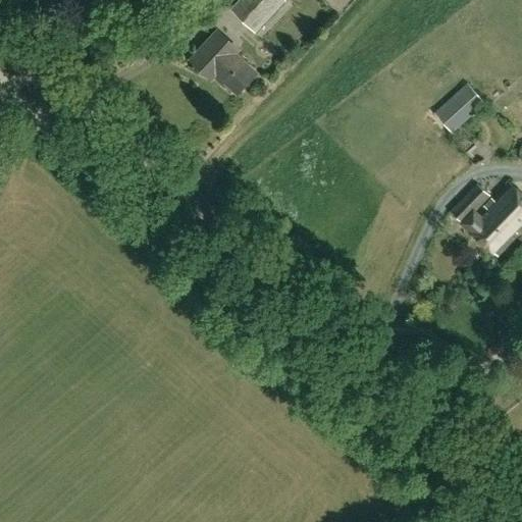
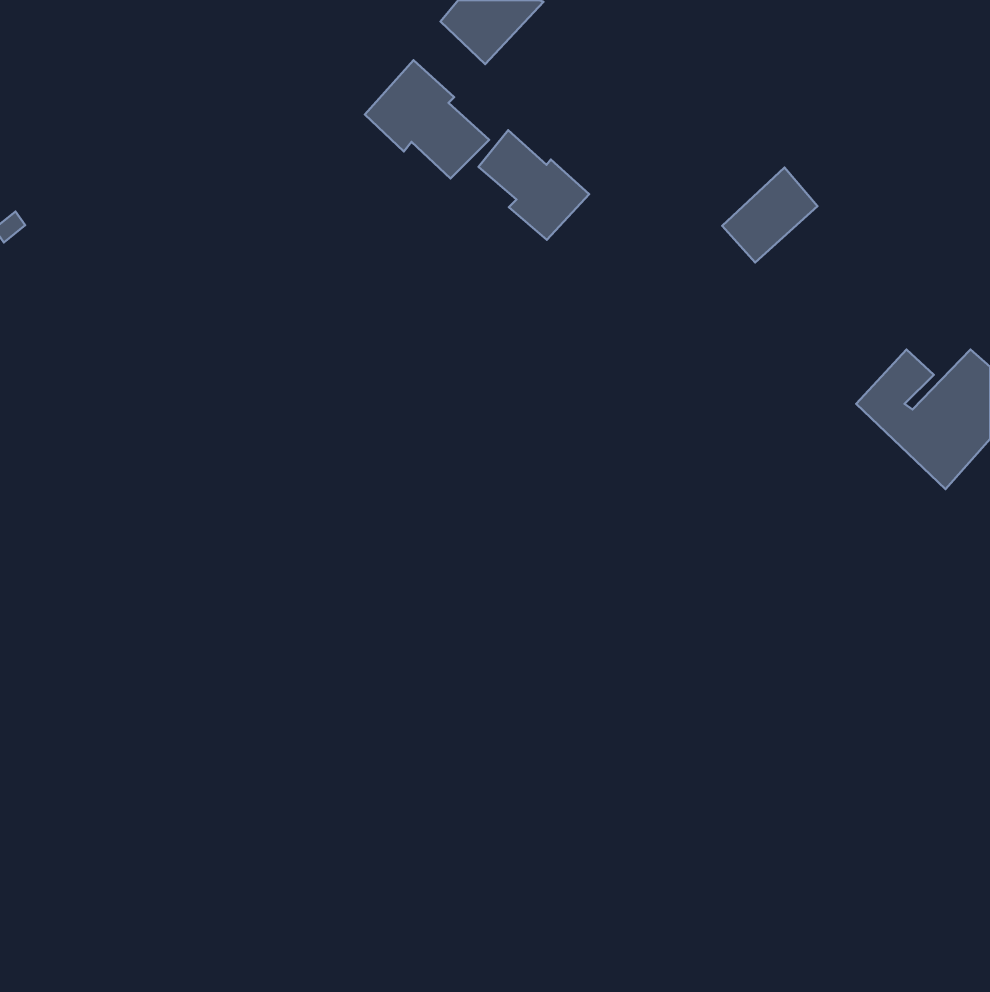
building: none -> [479,130,589,240]
building: [435,84,485,134] -> [722,167,817,263]

